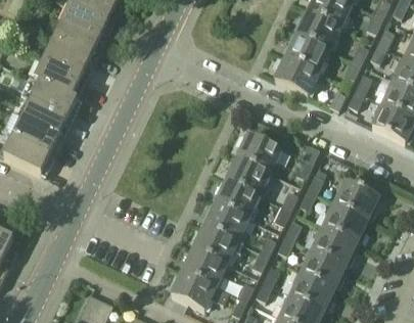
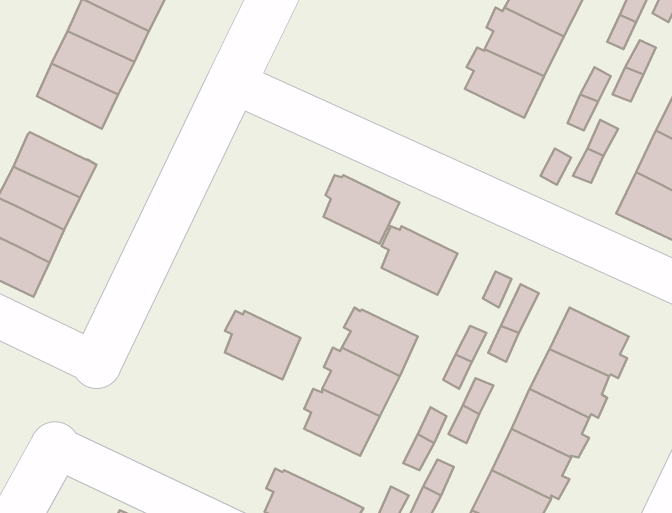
building: [275,54,320,94] -> none
building: [35,58,81,94] -> none
building: [228,155,271,194] -> [324,175,399,244]
building: [184,246,227,285] -> [225,311,301,379]

